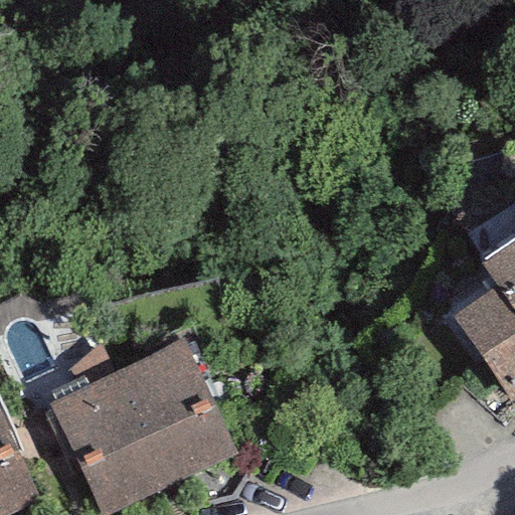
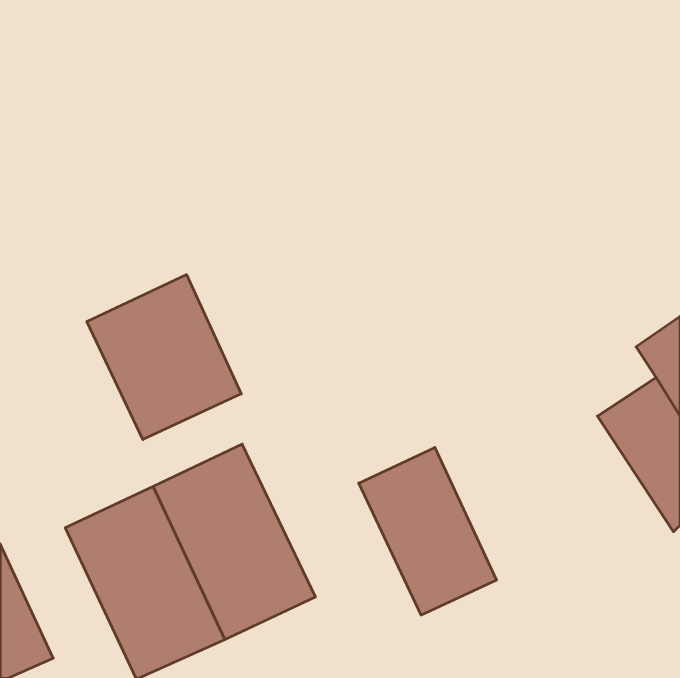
building: none -> [87,275,241,440]
building: none -> [359,447,496,615]

